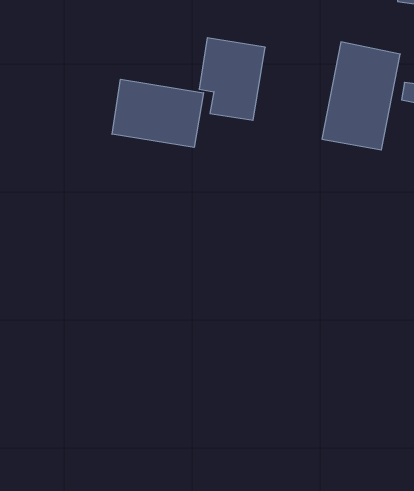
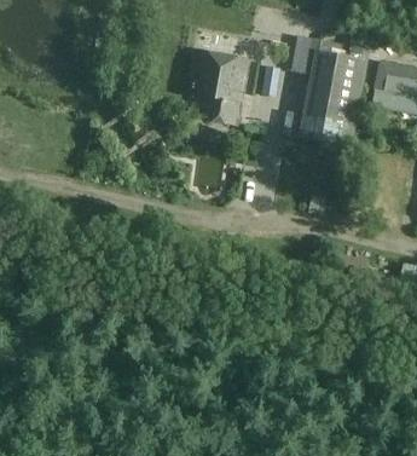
building: [112,79,204,147] -> none

